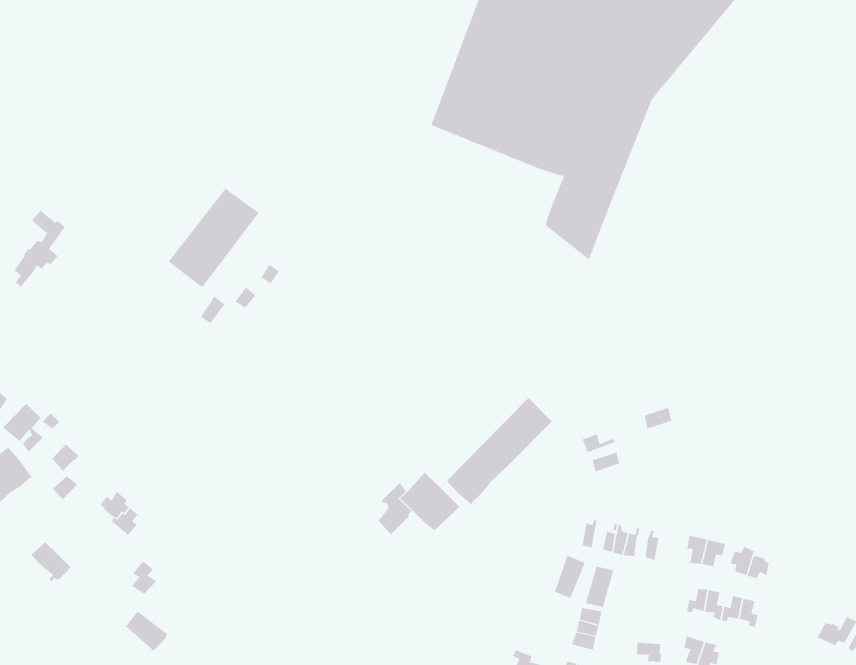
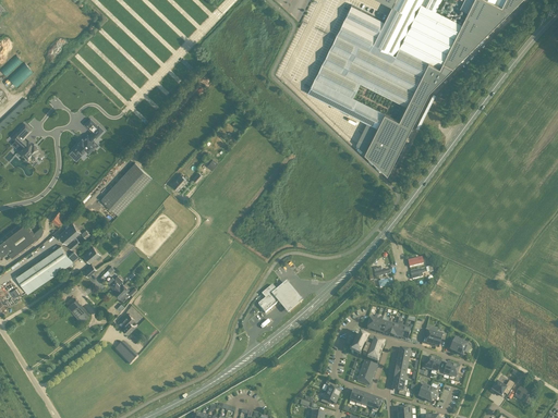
building: [168,188,259,288] -> [99,160,151,213]
building: [446,397,553,506] -> none

